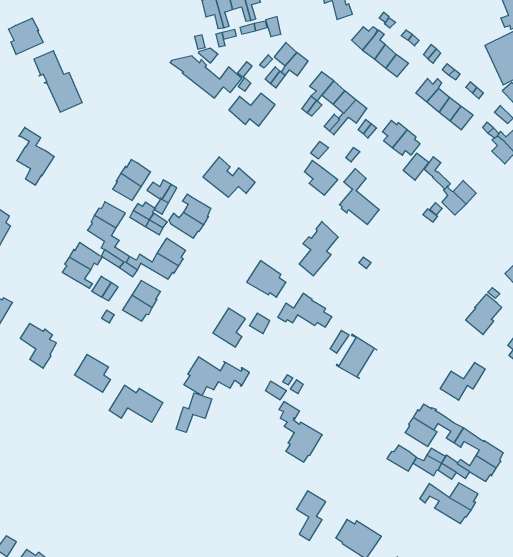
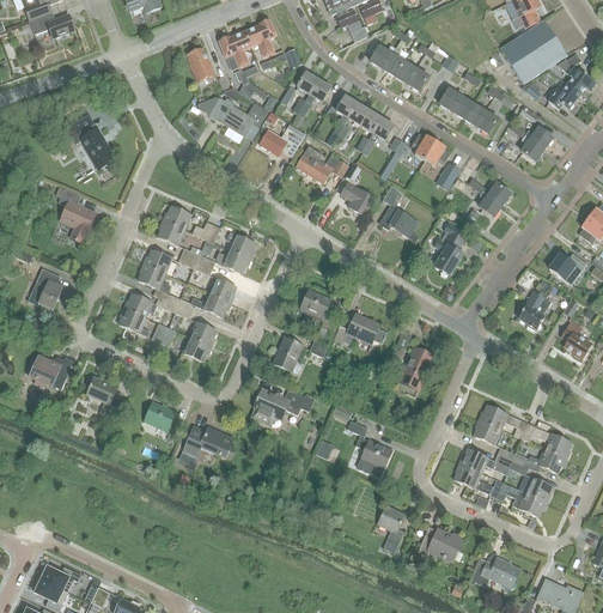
building: none -> [187,48,214,80]
building: [8,18,43,55] -> none
building: [203,157,255,197] -> [296,145,347,183]
building: [299,221,338,276] -> [433,221,468,275]
building: [440,362,485,400] -> none
building: [176,393,212,432] -> none
building: none -> [453,462,502,497]

